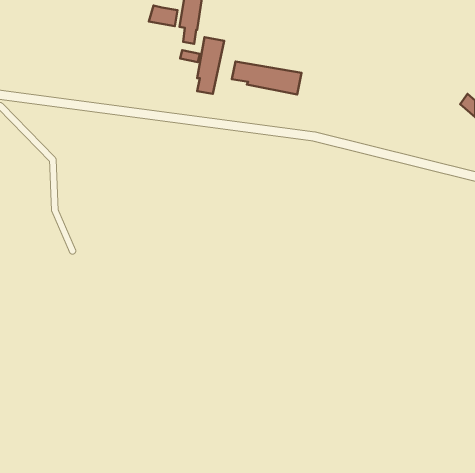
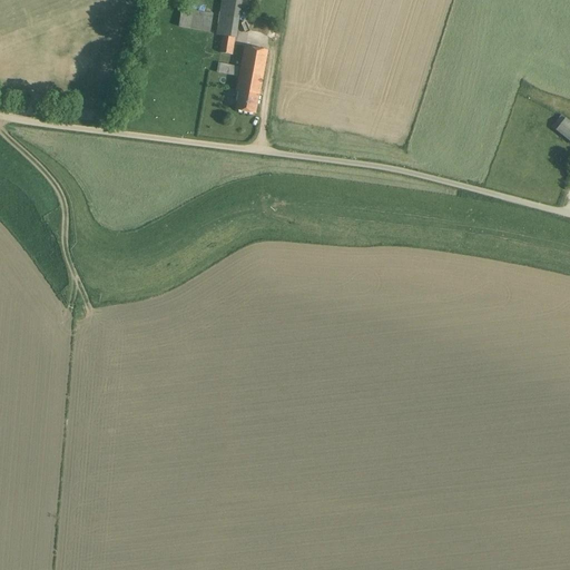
building: [232,61,301,95] -> none

